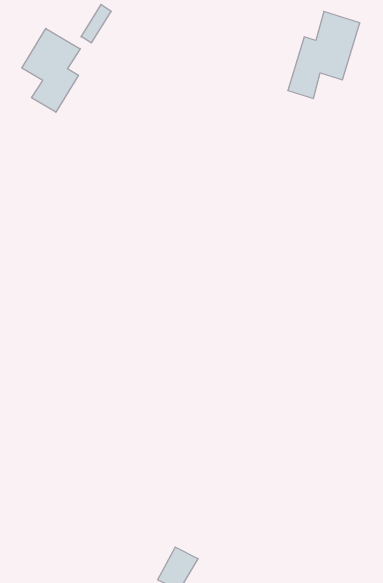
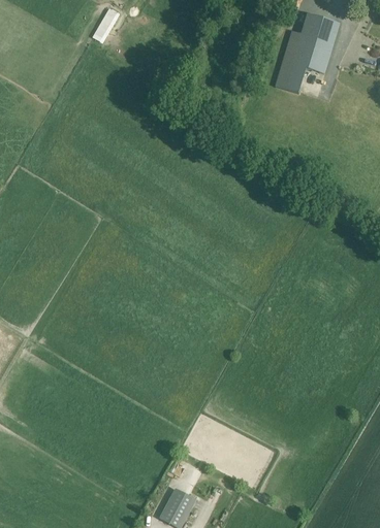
building: [22,28,80,112] -> none

